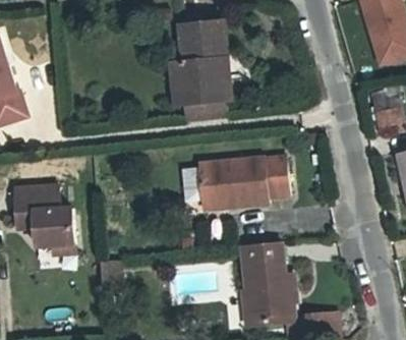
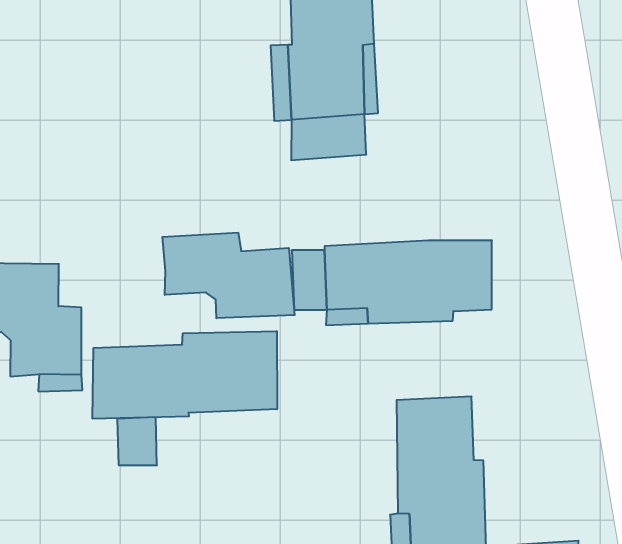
building: none -> [162,233,295,318]
building: none -> [93,331,277,419]

